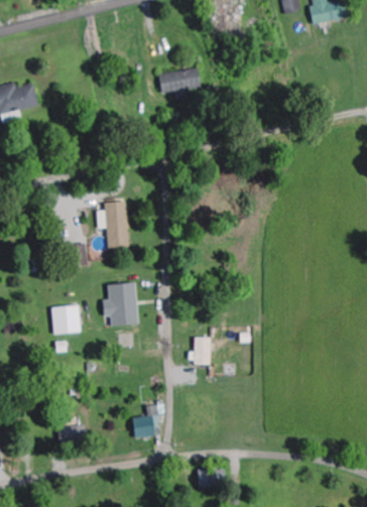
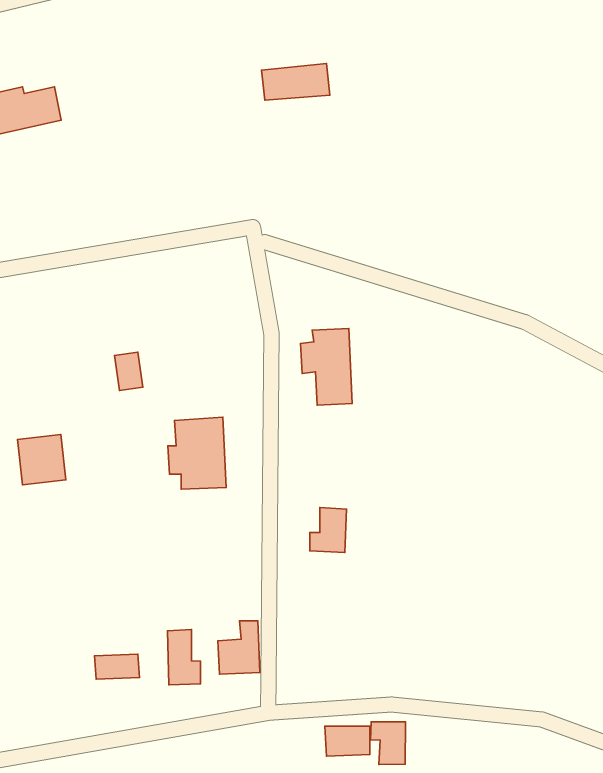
building: [97,202,128,248] -> [301,329,352,405]
building: [51,304,81,335] -> [18,435,66,485]
building: none -> [167,630,201,685]
building: none -> [370,722,405,765]

